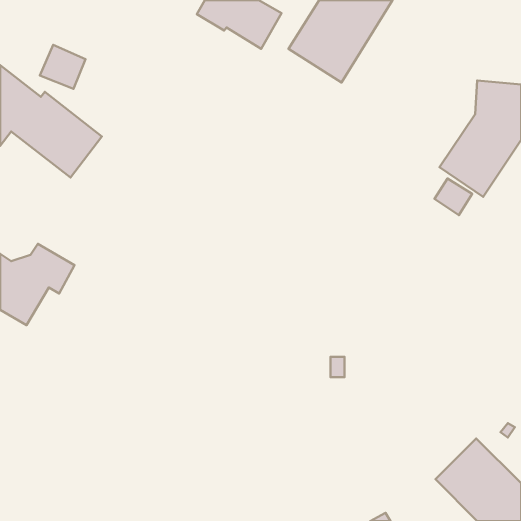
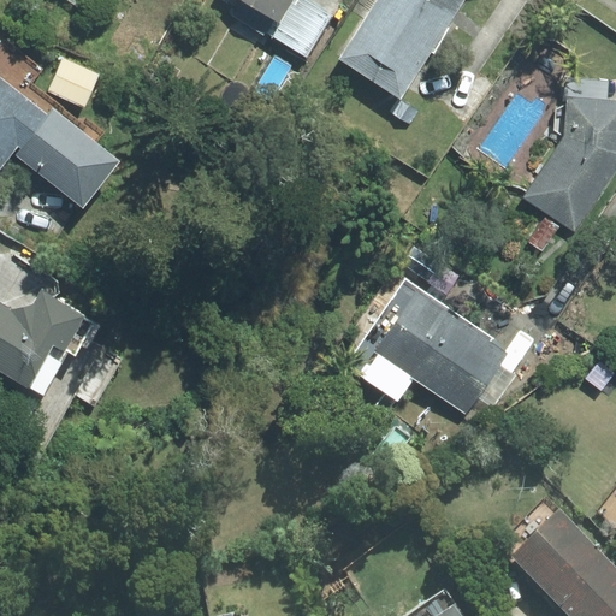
building: none -> [377,289,509,415]

